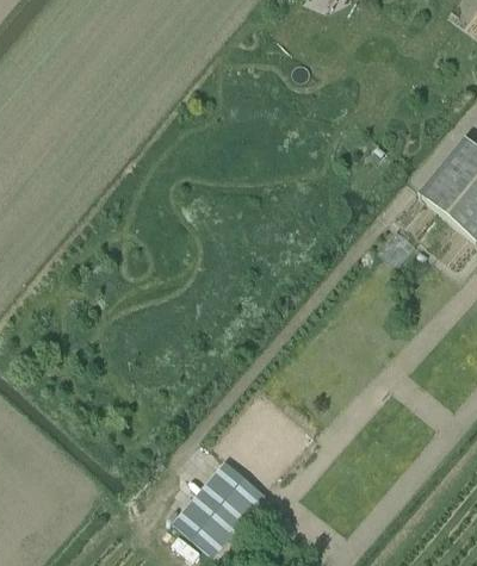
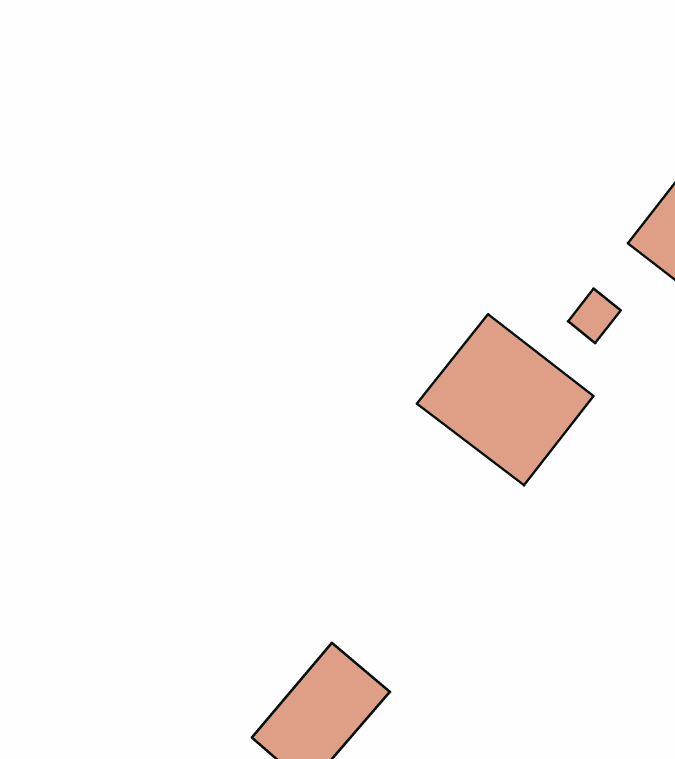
building: none -> [417,314,593,485]

